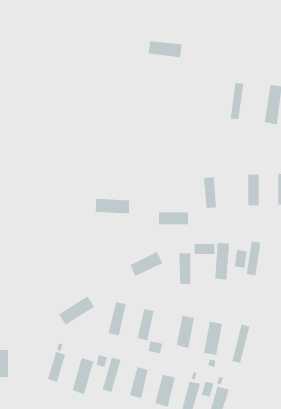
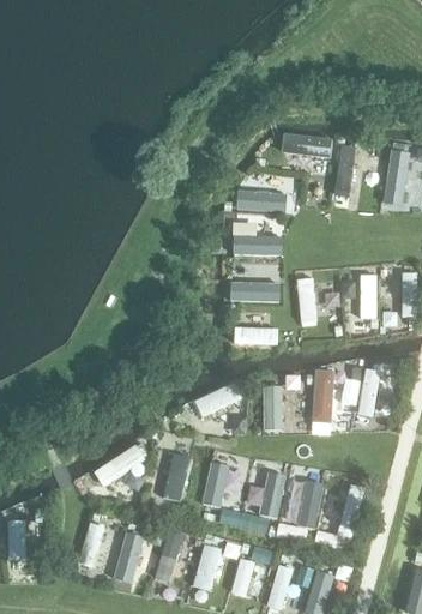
building: [148,41,183,58] -> [282,134,331,158]
building: none -> [236,191,285,213]
building: none -> [233,235,281,257]
building: [95,199,130,214] -> [230,281,279,302]

